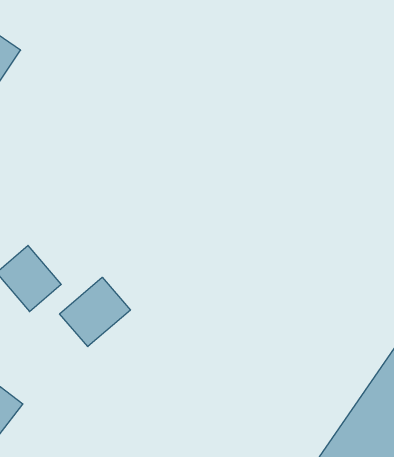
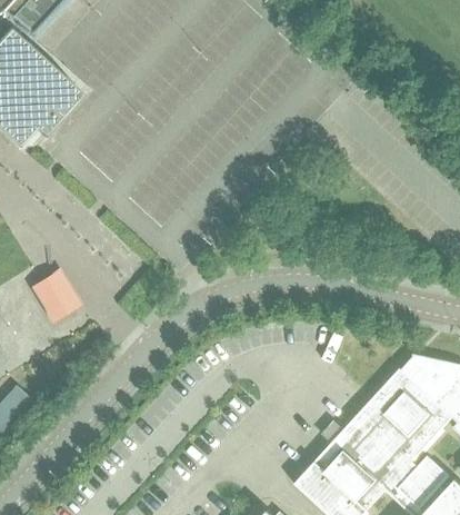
building: [60,277,130,347] -> none

